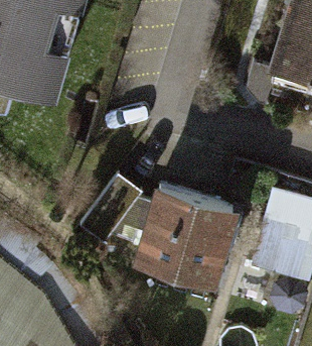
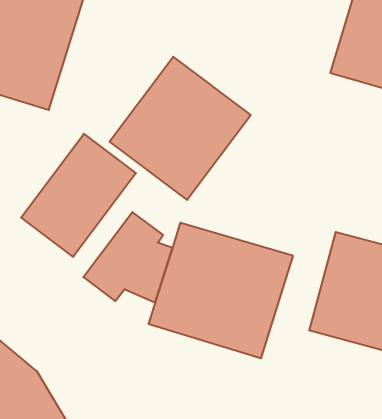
building: none -> [110,57,251,200]
building: none -> [21,134,136,257]

